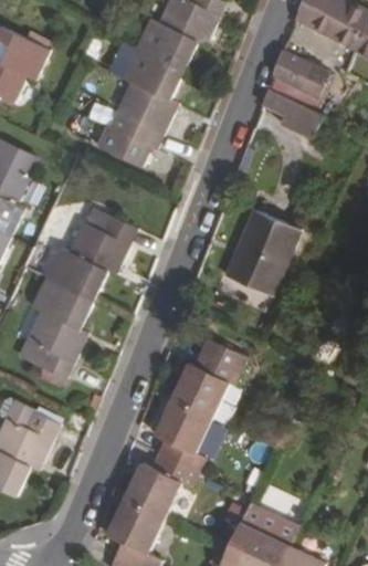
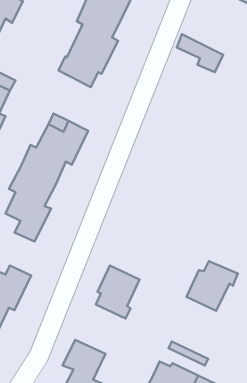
building: [270,55,325,98] -> none
building: [225,212,299,297] -> none
building: [169,353,238,419] -> [186,261,238,311]
building: [123,452,190,518] -> none

